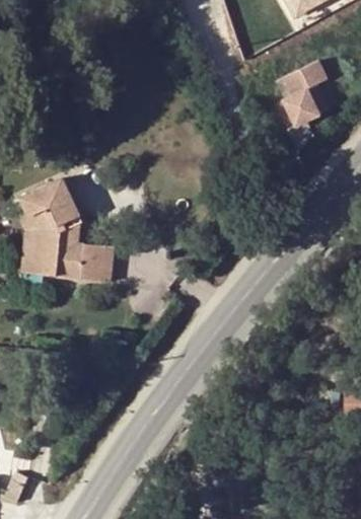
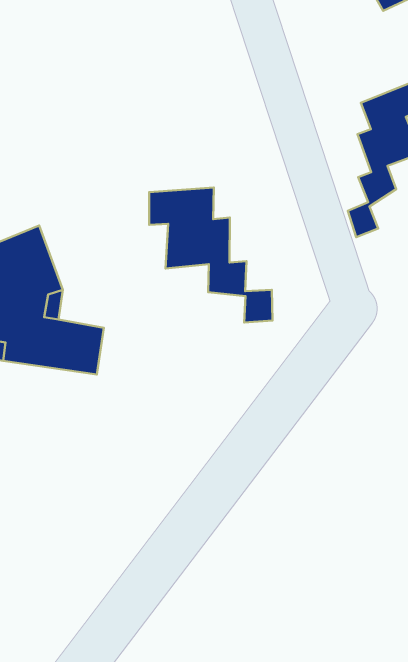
building: none -> [149,188,273,323]

